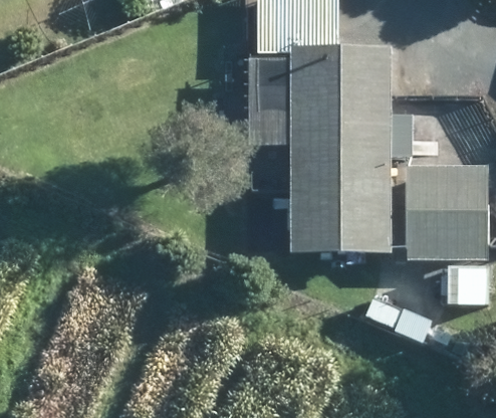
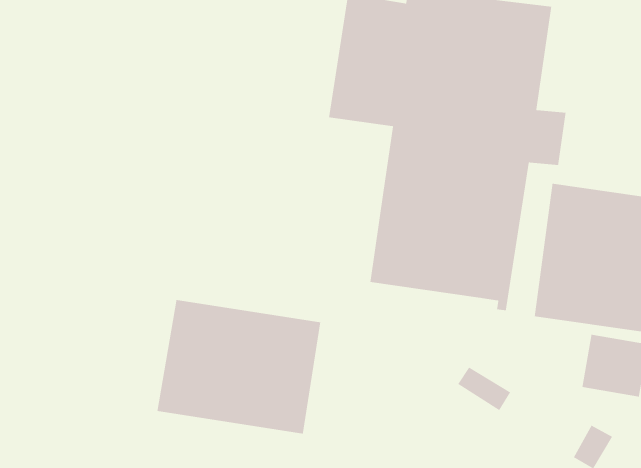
building: none -> [156,299,321,435]

